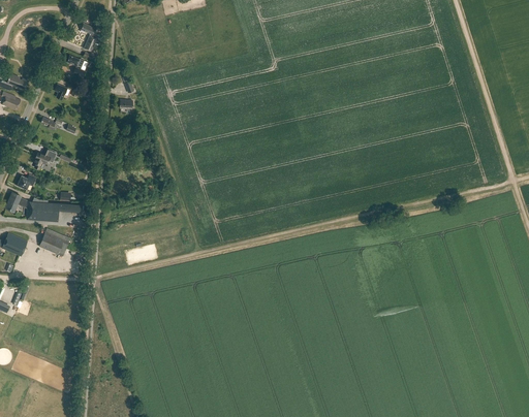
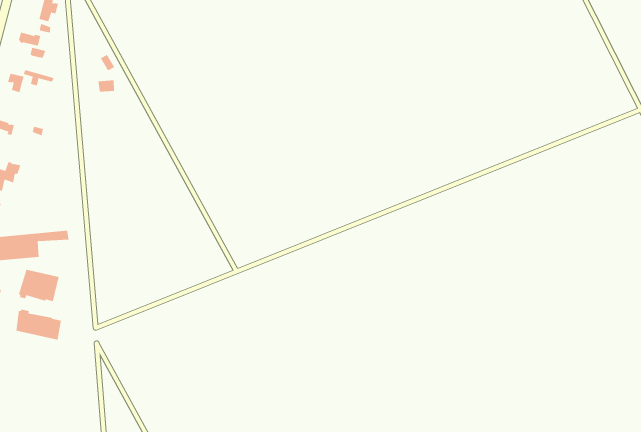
building: none -> [16,308,62,341]

